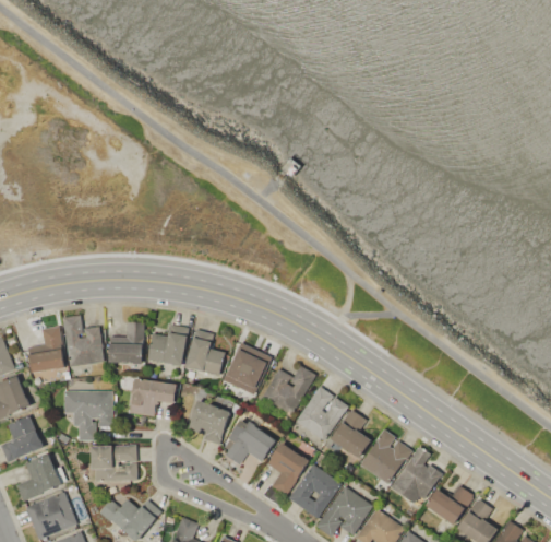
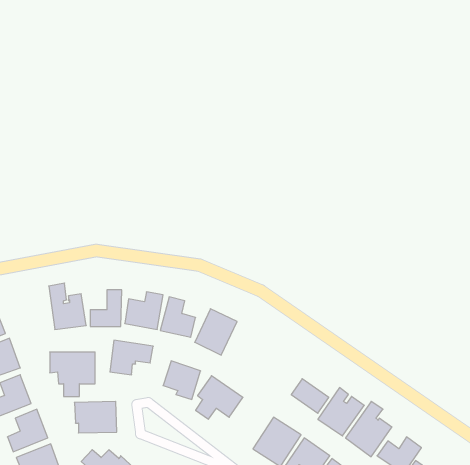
building: [28,325,64,372] -> none
building: [261,365,315,416] -> none
building: [295,385,348,440] -> none
building: [267,441,310,495] -> none

